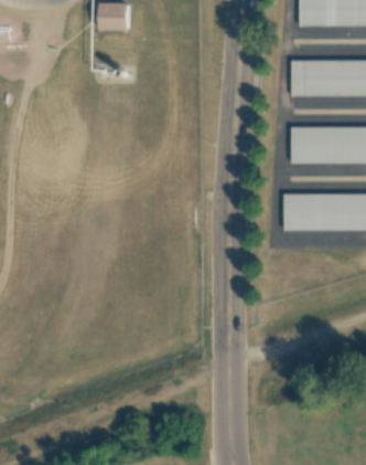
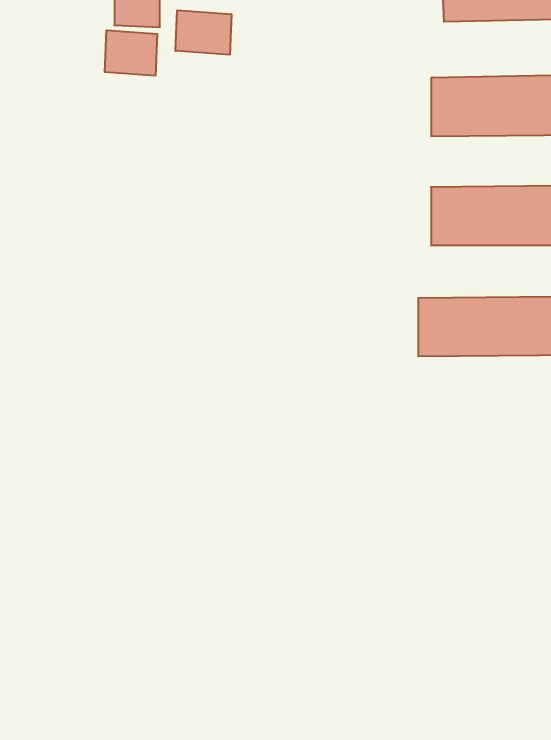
building: none -> [175,10,231,55]
building: none -> [105,30,157,76]

